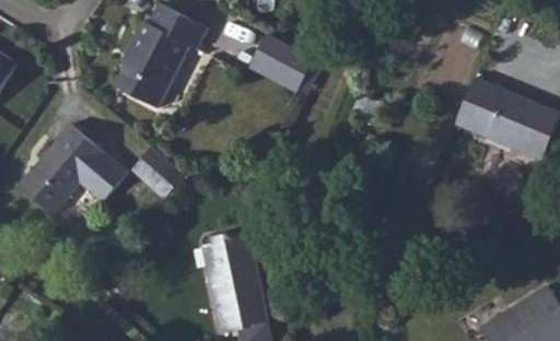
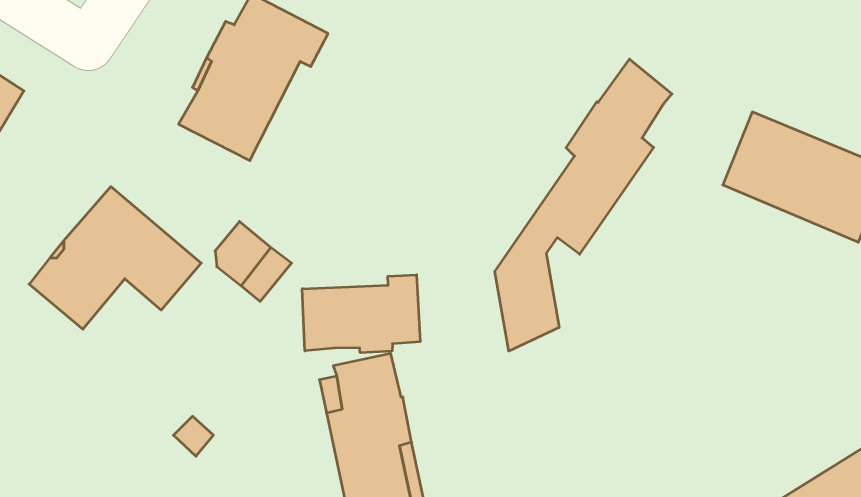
building: [252,35,312,90] -> none
building: none -> [495,59,672,351]
building: none -> [302,275,420,353]

